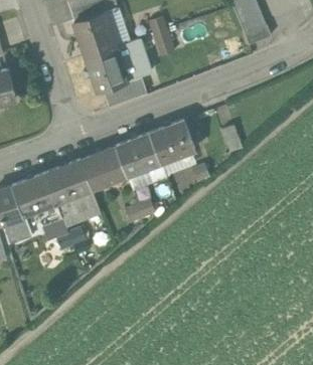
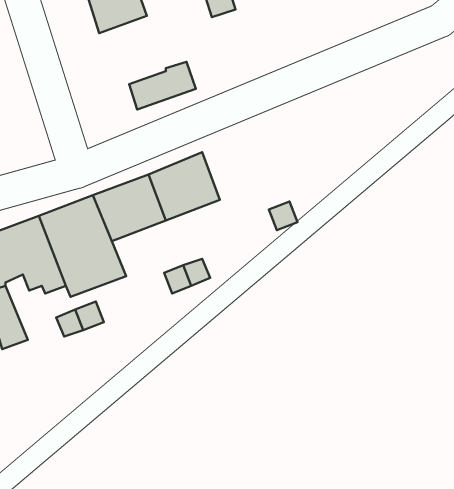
building: [85,46,127,92] -> none
building: [150,120,195,163] -> none

